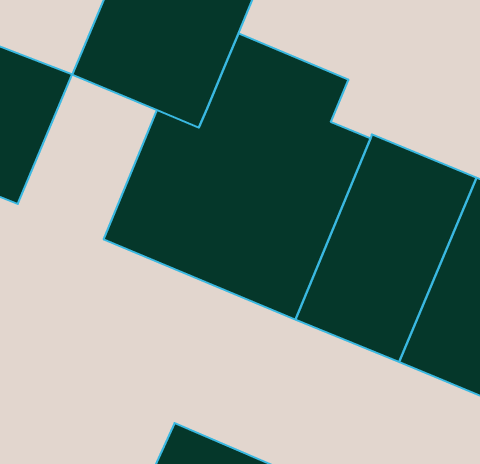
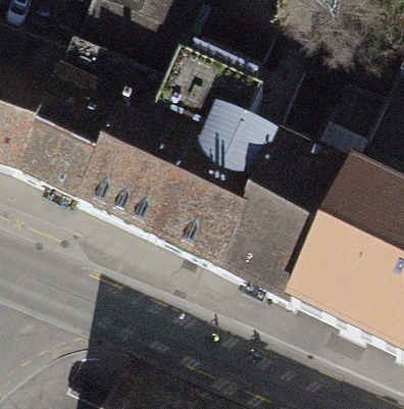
building: none -> [16,88,120,211]

